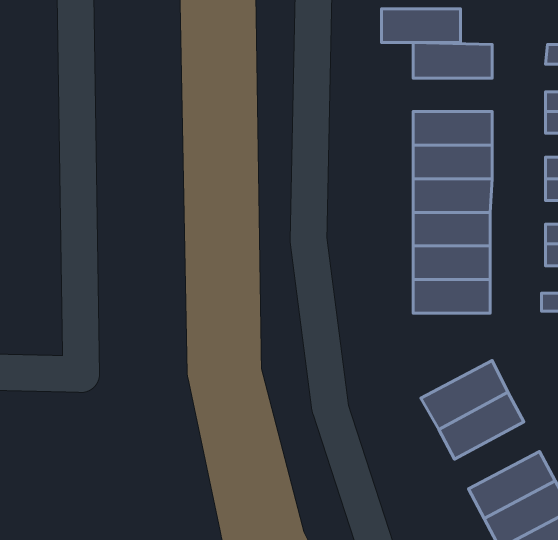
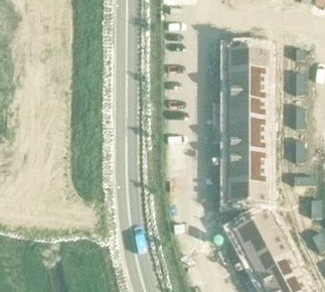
building: [382,9,461,42] -> [221,54,262,71]
building: none -> [221,174,261,191]
building: none -> [242,230,286,264]

